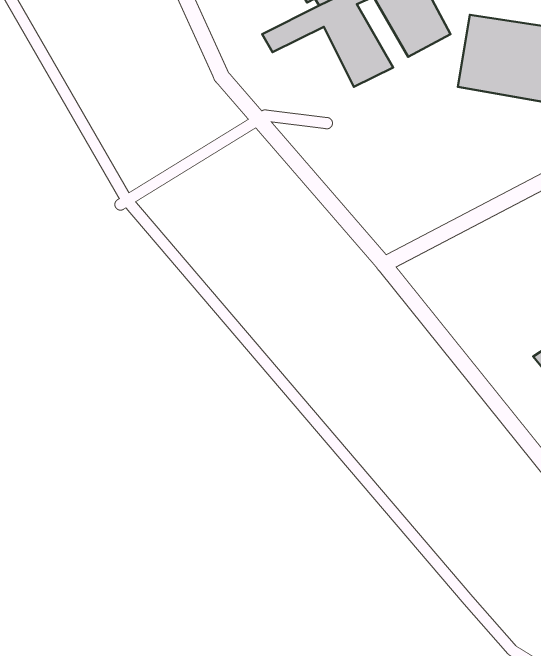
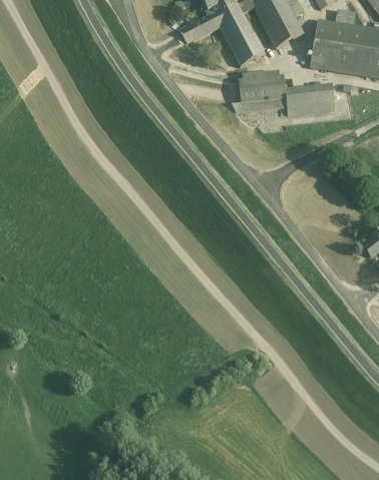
building: none -> [235,71,336,115]

